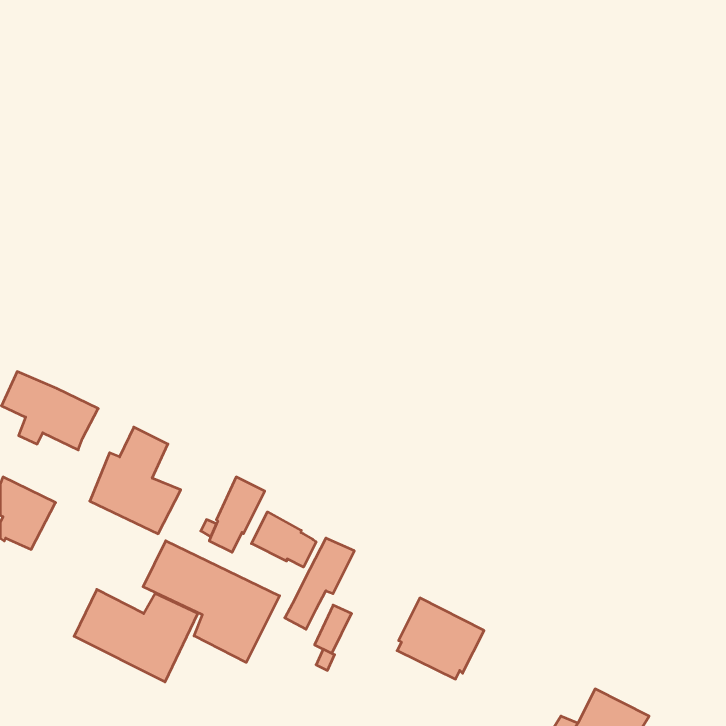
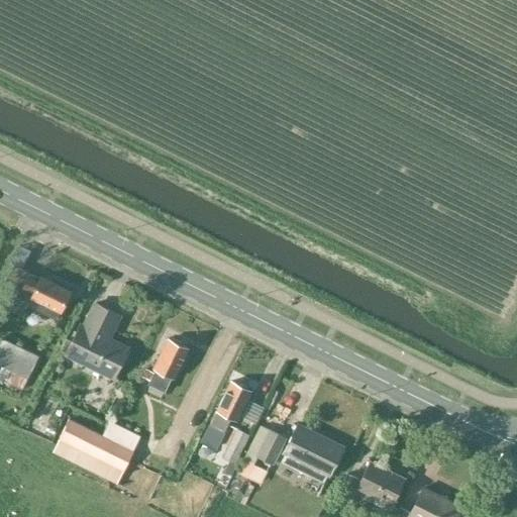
building: [251,512,316,567] -> none
building: [143,541,280,662] -> none
building: none -> [243,426,285,468]
building: none -> [336,461,405,507]

